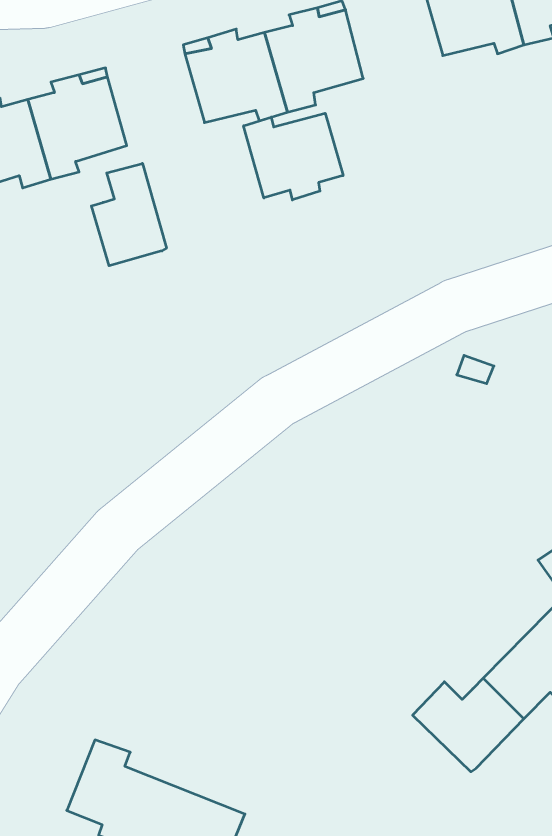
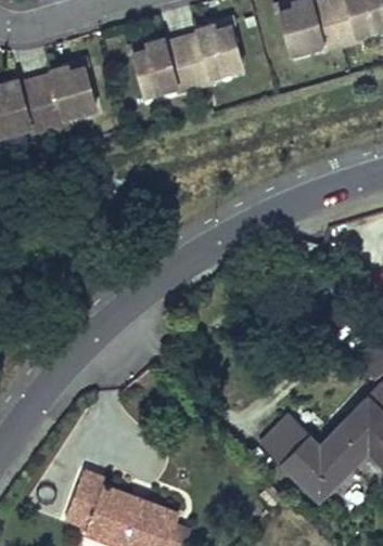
building: [244,113,343,200] -> none
building: [91,163,166,266] -> none
building: none -> [255,414,311,459]

